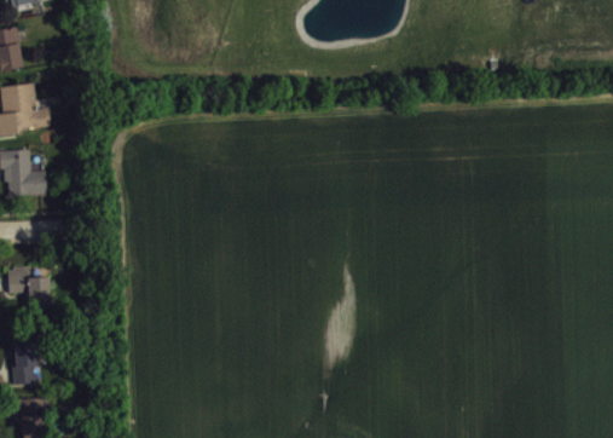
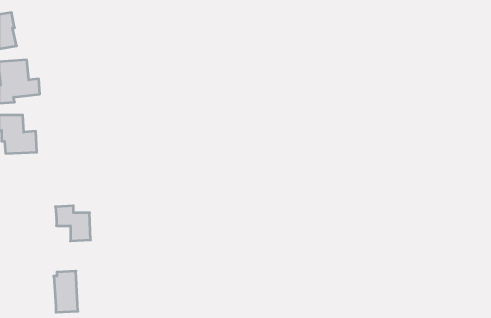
building: [7,269,50,311] -> [55,206,91,241]
building: [10,334,39,384] -> [54,271,78,312]

